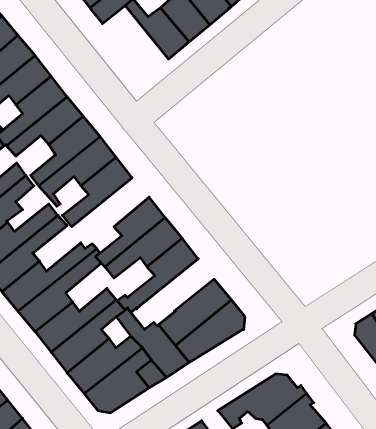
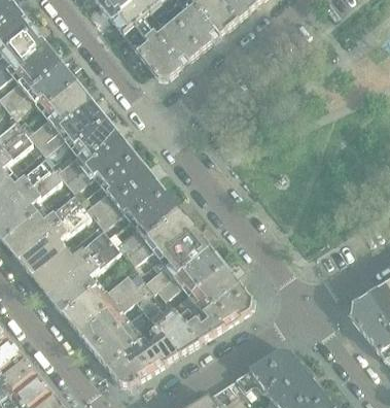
building: none -> [123,18,183,77]
building: none -> [96,173,166,228]
building: none -> [157,246,224,299]

